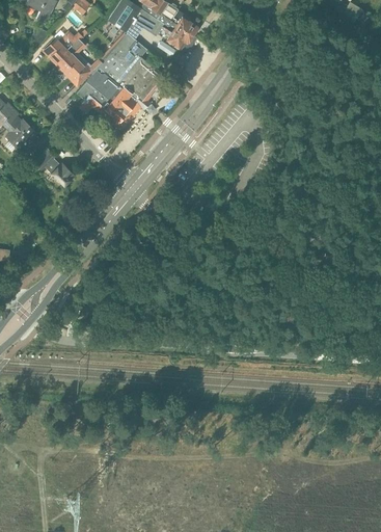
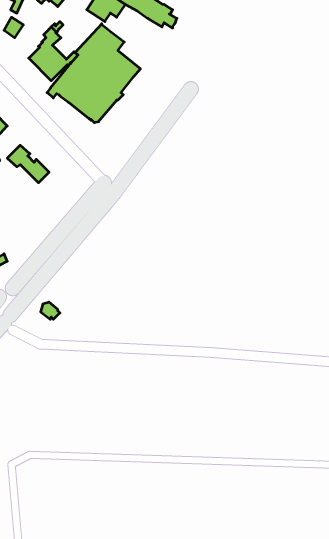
building: [139,12,197,56] -> none
building: [42,30,74,64] -> none

